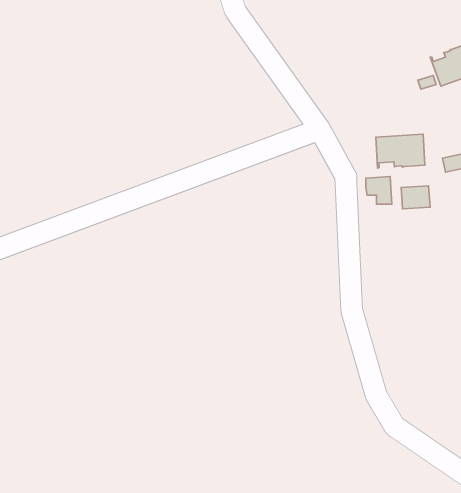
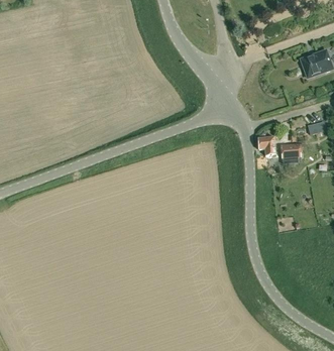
building: [376,134,425,168] -> none

